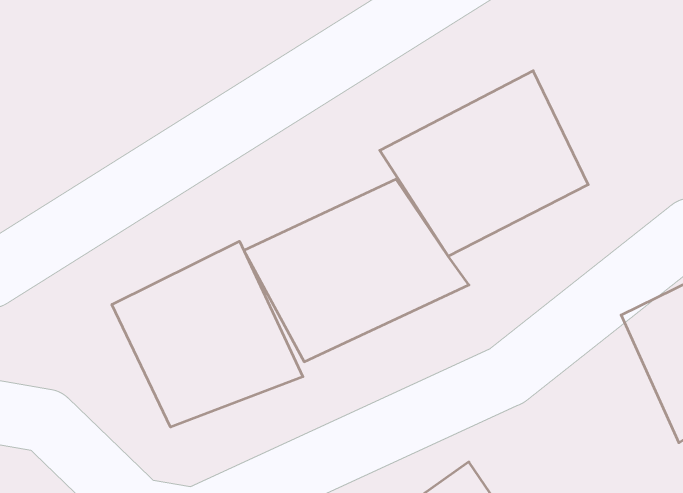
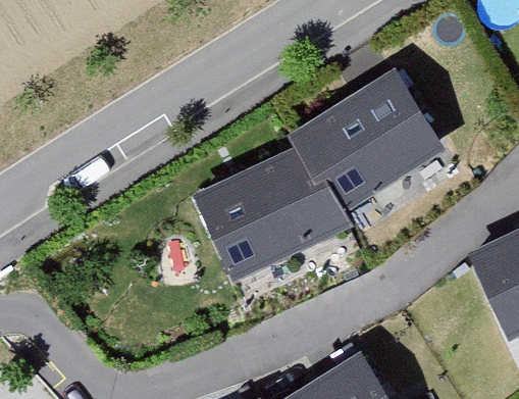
building: [112,241,303,427] -> none

